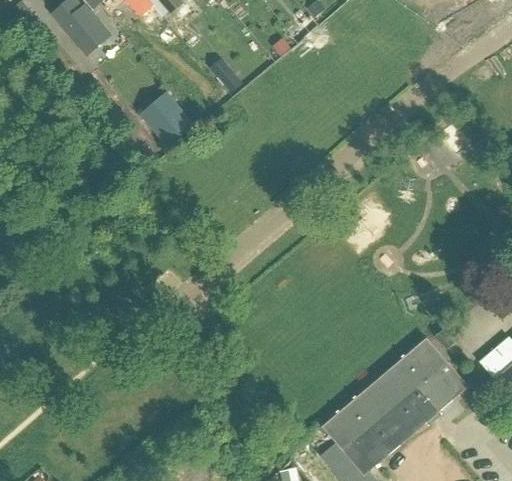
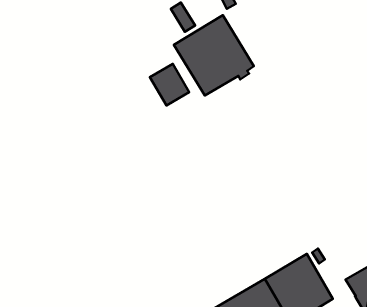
building: none -> [174,15,254,96]
building: [141,92,192,144] -> [150,64,189,105]

